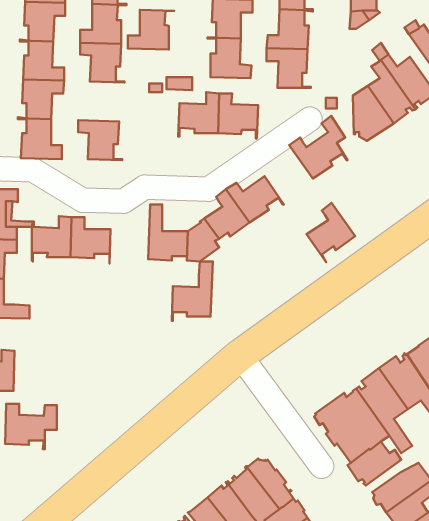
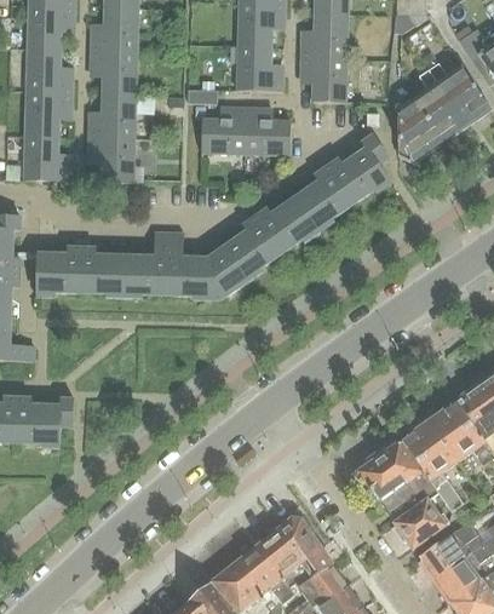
building: [128,10,174,50] -> [88,93,140,138]
building: [307,203,355,262] -> [298,165,352,231]
building: [172,261,213,321] -> [123,231,170,298]
building: [5,404,57,449] -> [16,396,74,447]

